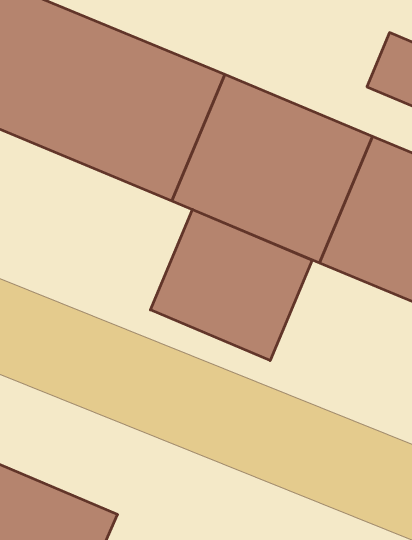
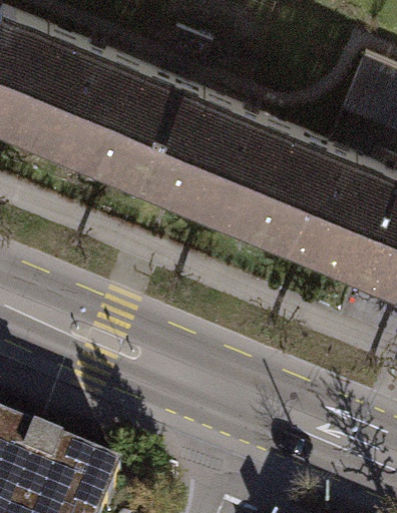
building: [150,209,312,361] -> none

